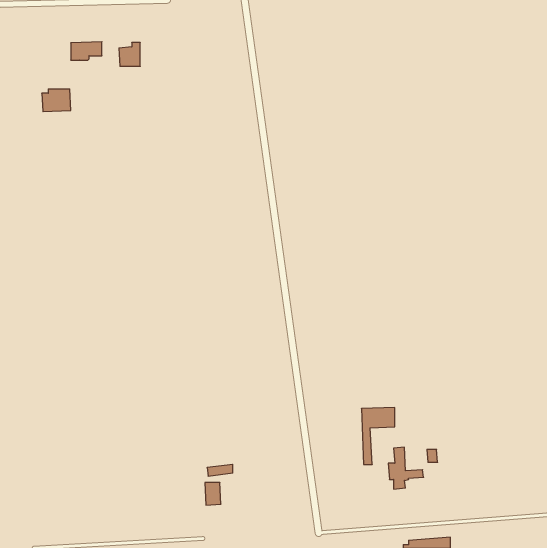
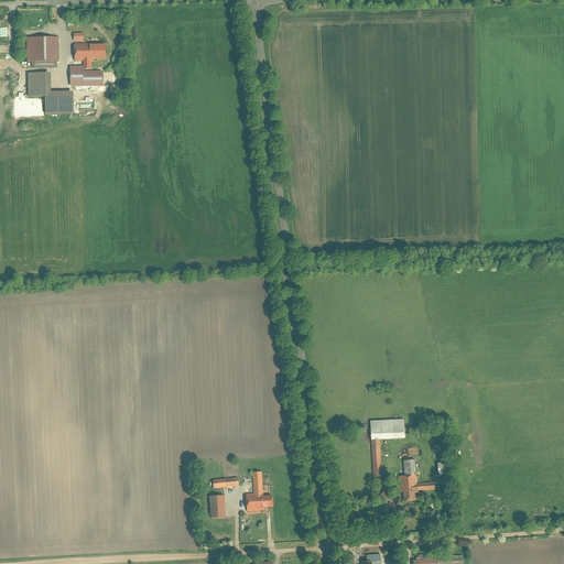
building: none -> [25,37,57,62]
building: [119,43,140,66] -> [68,62,90,86]
building: none -> [26,72,50,96]
building: none -> [247,471,273,511]

